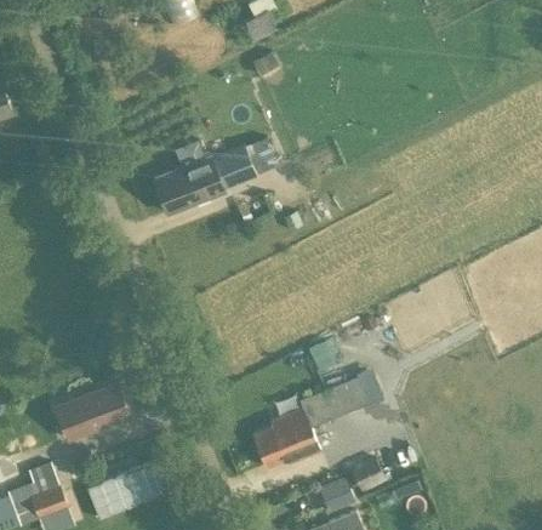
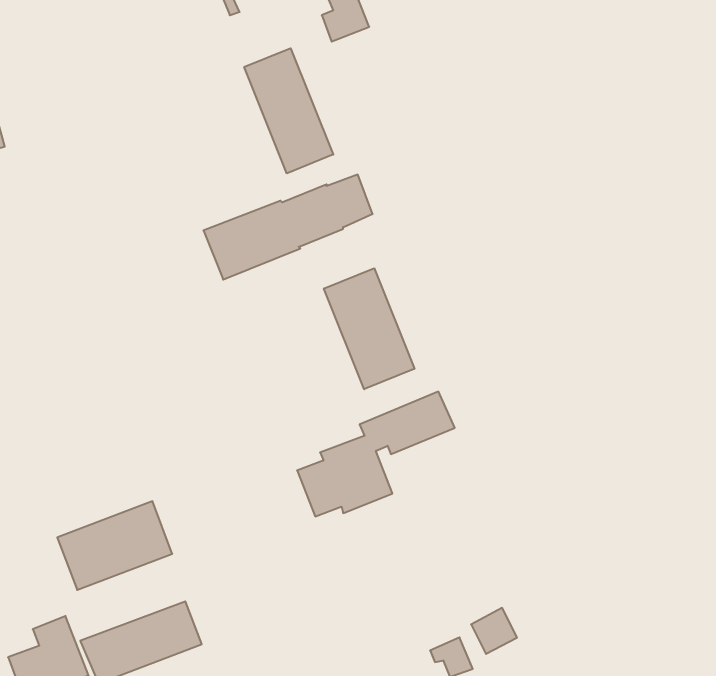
building: none -> [244,48,333,173]
building: none -> [324,268,414,389]
building: [251,376,367,468] -> [297,392,455,516]

